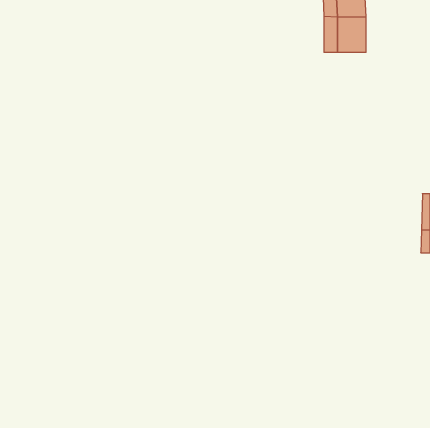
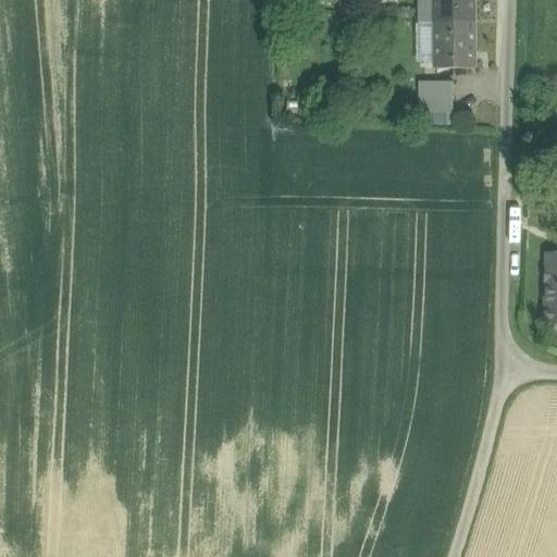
building: none -> [420,81,453,112]

